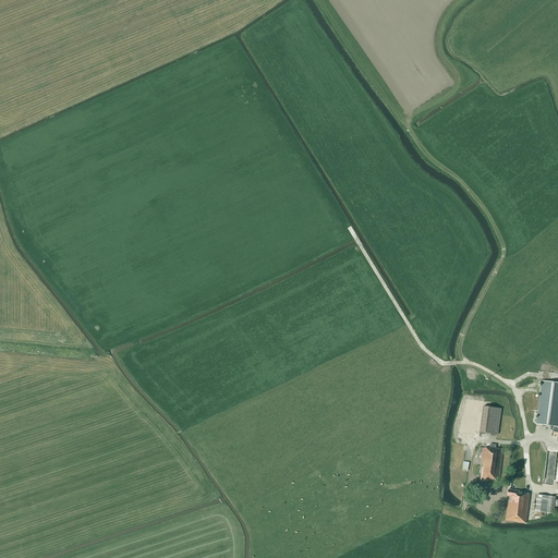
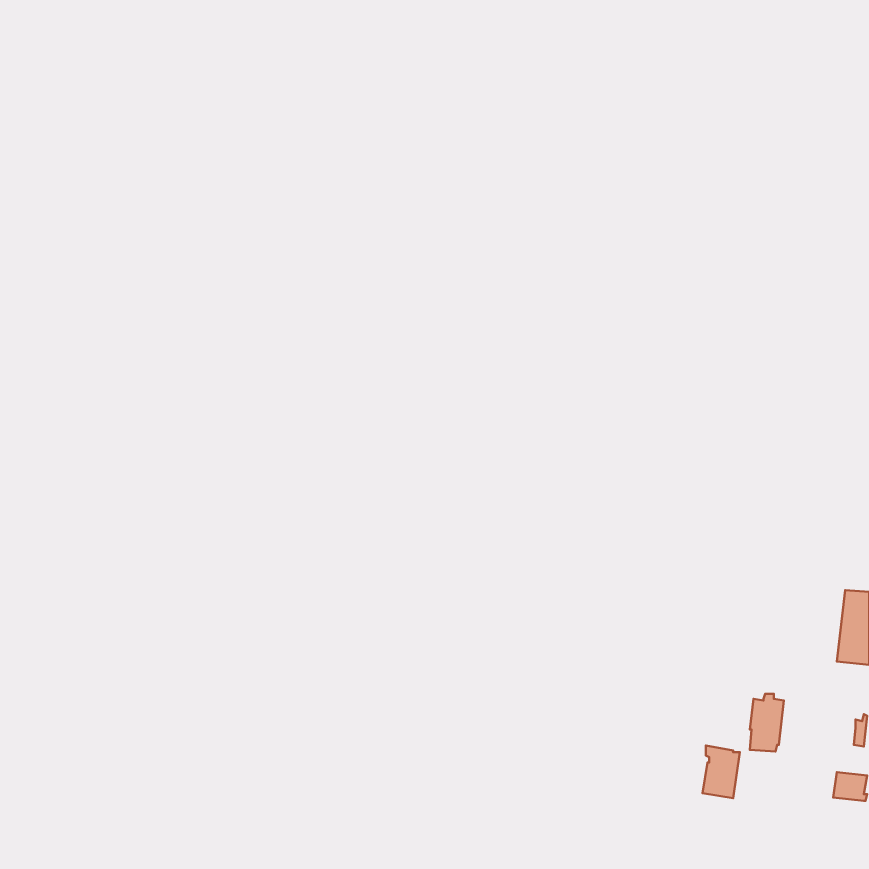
building: [480,407,501,435] -> none
building: [506,489,530,523] -> [702,745,740,798]

